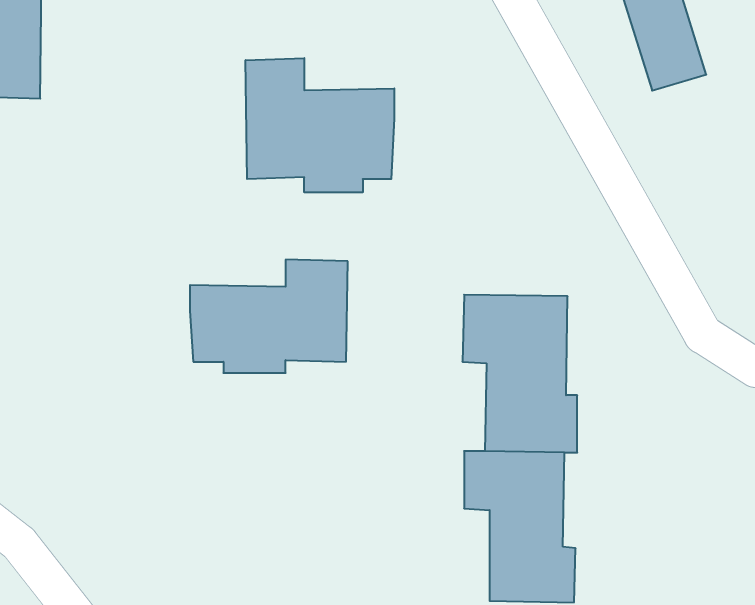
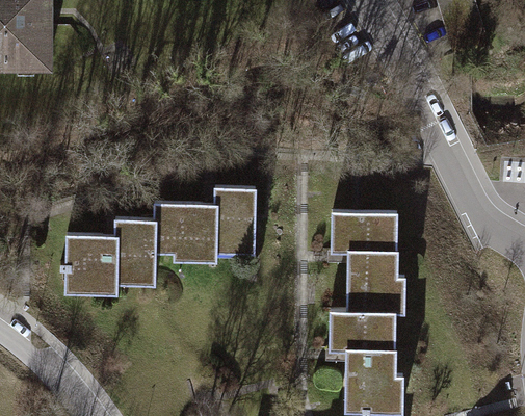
building: [246,58,394,192] -> none
building: none -> [63,215,154,291]

